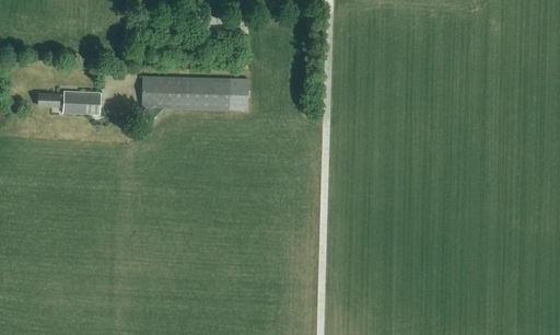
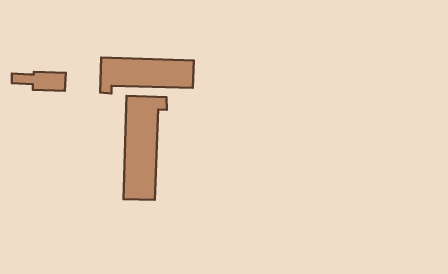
building: none -> [123,96,167,200]

